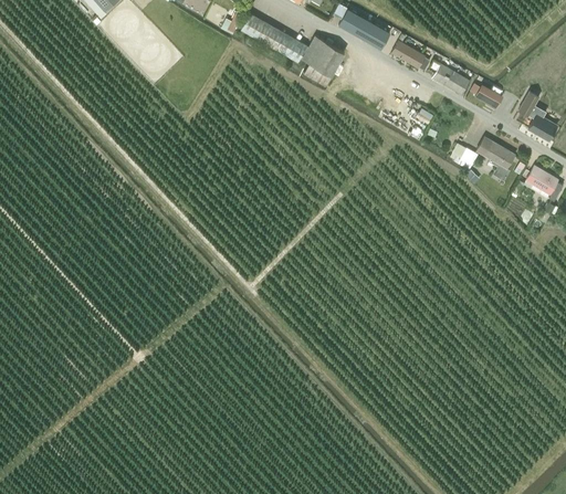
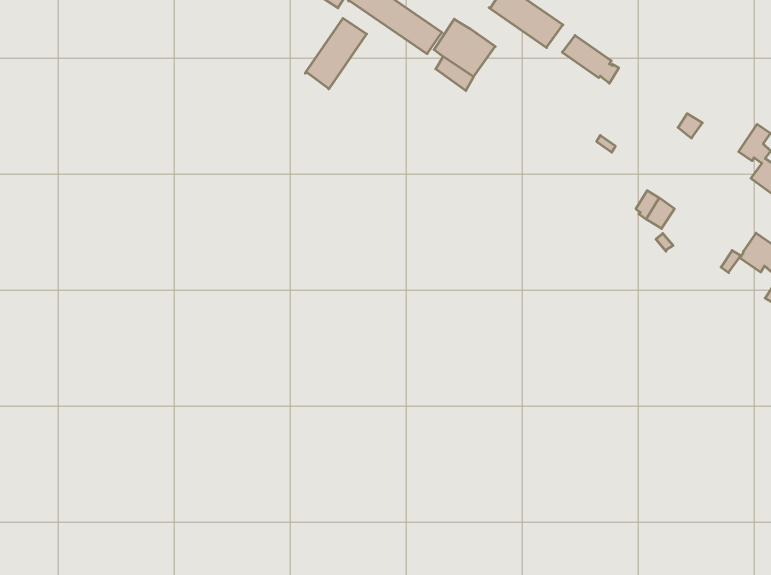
building: none -> [305,18,367,89]
building: [432,64,470,95] -> none
building: [476,136,515,168] -> none

